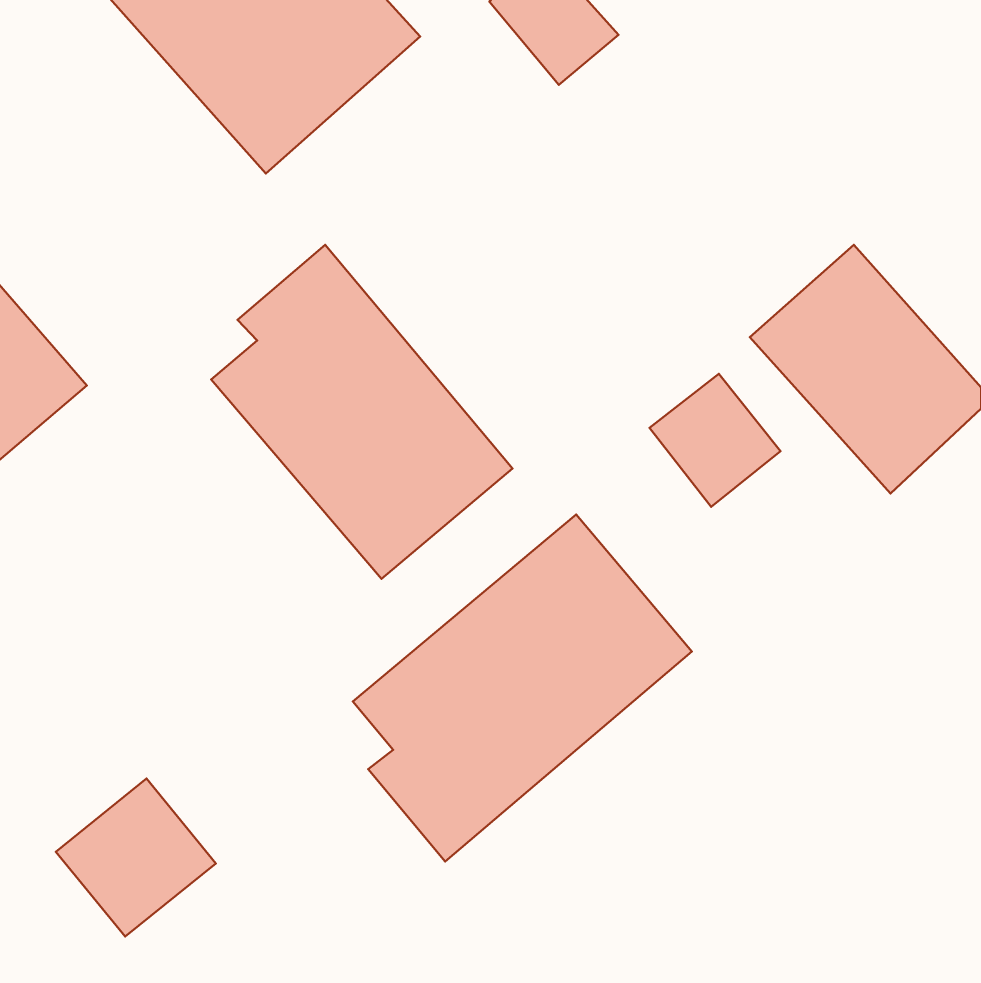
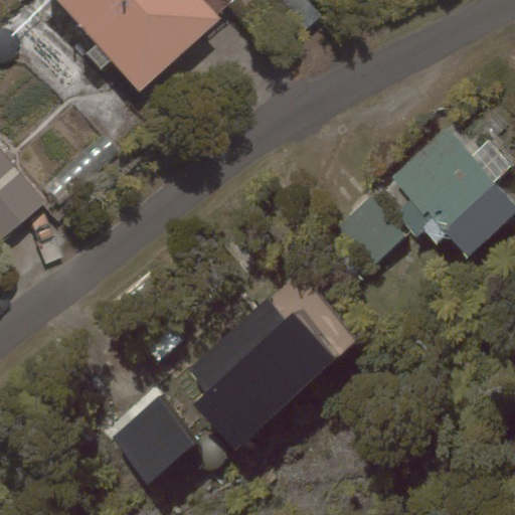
building: [211,245,512,579] -> none
building: [56,779,216,937] -> [110,398,193,481]

